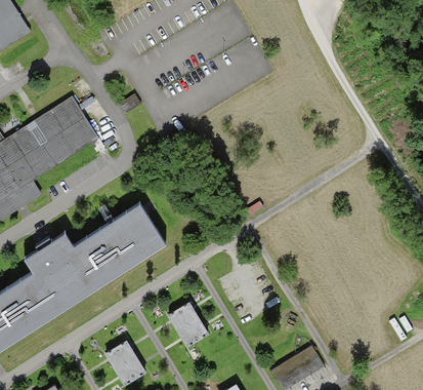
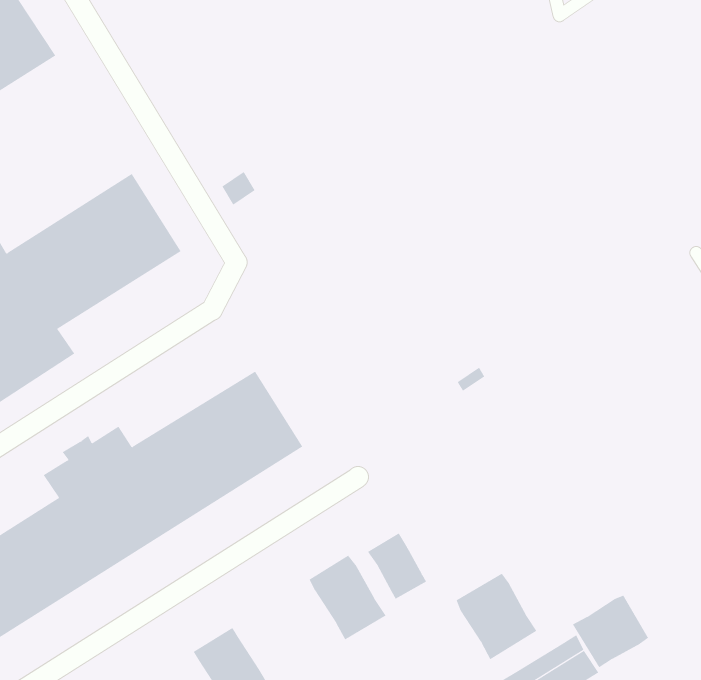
building: none -> [367,532,427,599]
building: none -> [456,573,537,660]
building: none -> [572,595,649,668]

